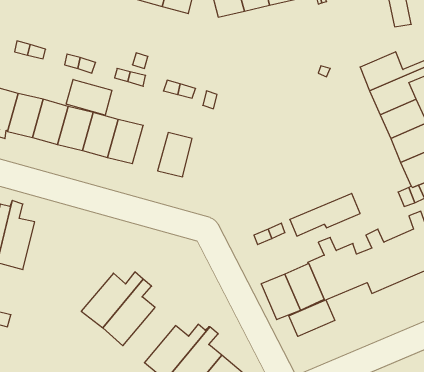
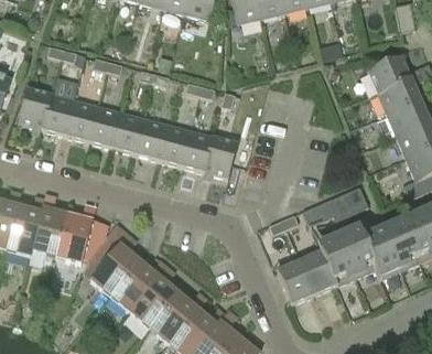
building: [66,79,112,115] -> none
building: none -> [156,124,190,165]
building: none -> [203,136,236,181]
building: none -> [55,204,95,264]
building: none -> [87,225,139,296]
building: [289,300,335,336] -> none
building: none -> [148,291,205,343]

